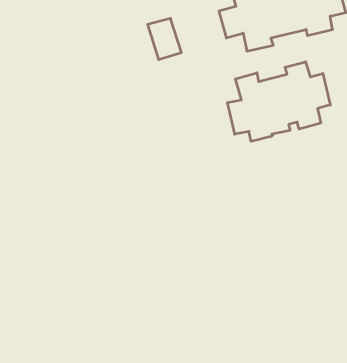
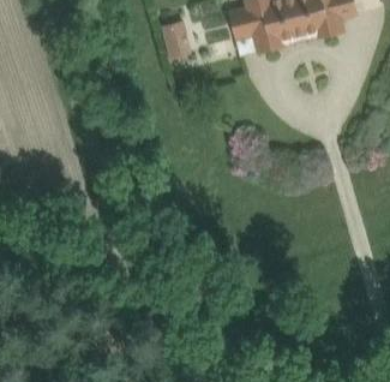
building: [227,62,330,141] -> none

